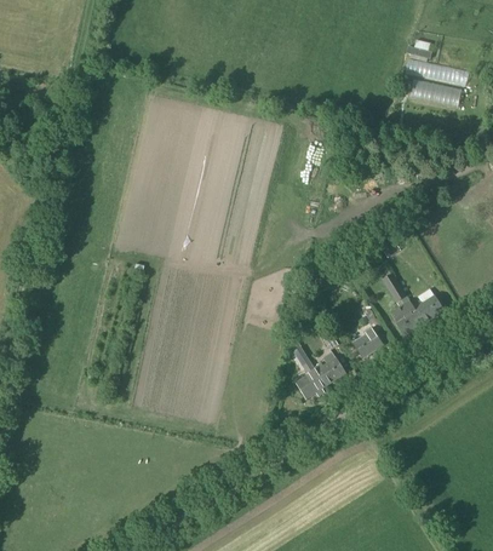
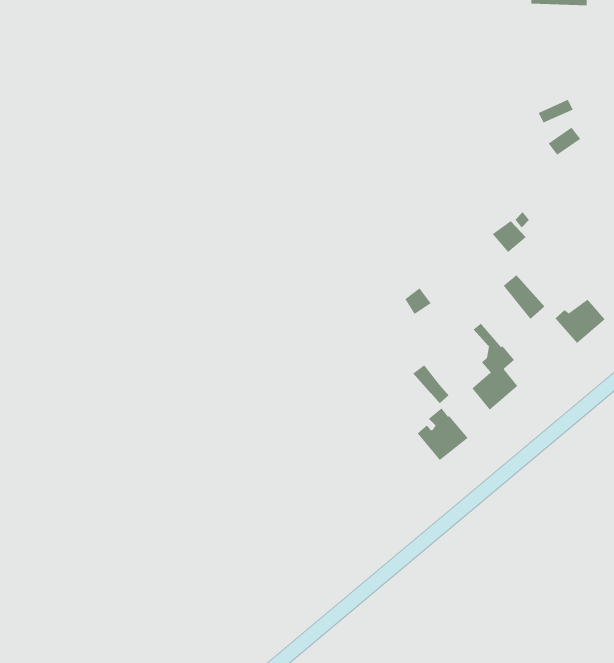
building: [390,299,424,334] -> none
building: [296,362,326,398] -> none

